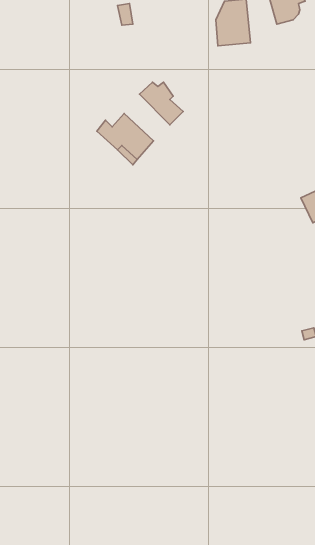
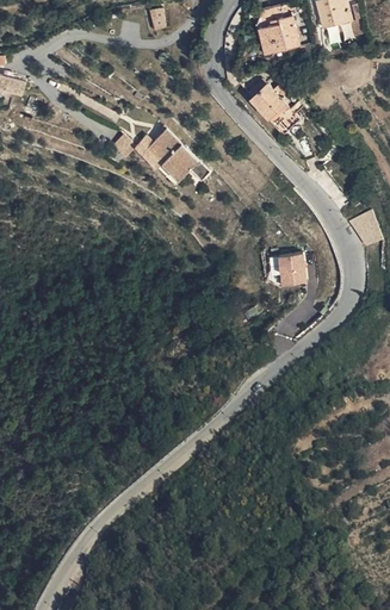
building: [139,82,183,125] -> [252,87,299,133]
building: none -> [281,253,309,285]

